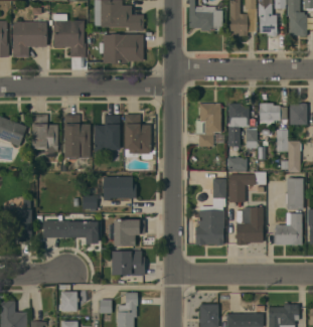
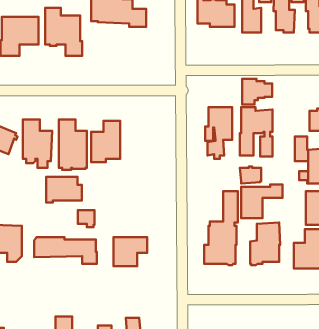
building: [99,32,143,62] -> none
building: [260,103,287,126] -> [242,79,272,105]
building: [125,114,151,153] -> none
building: [104,176,136,199] -> [46,177,82,203]
building: [112,250,144,275] -> none

